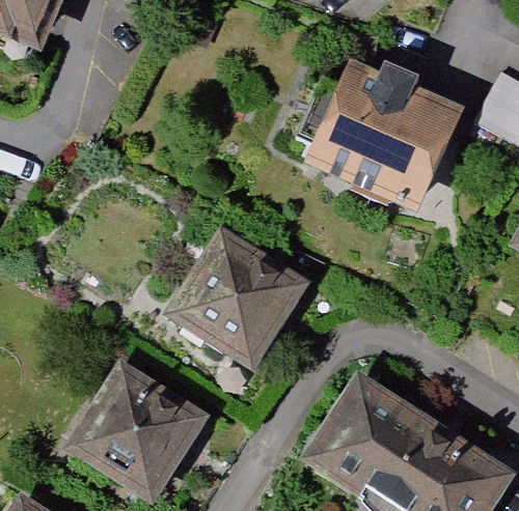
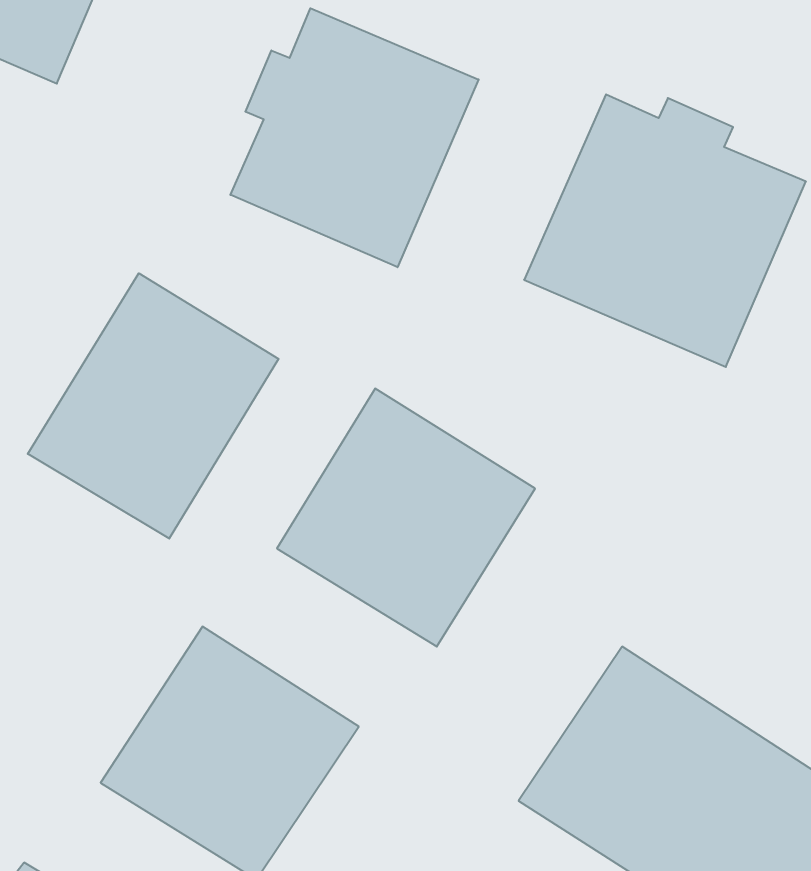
building: none -> [230,8,479,267]
building: none -> [28,273,279,539]

